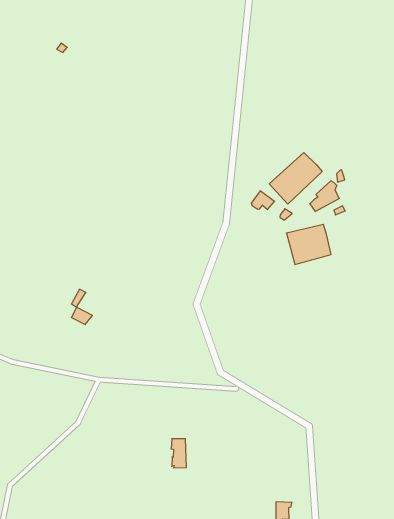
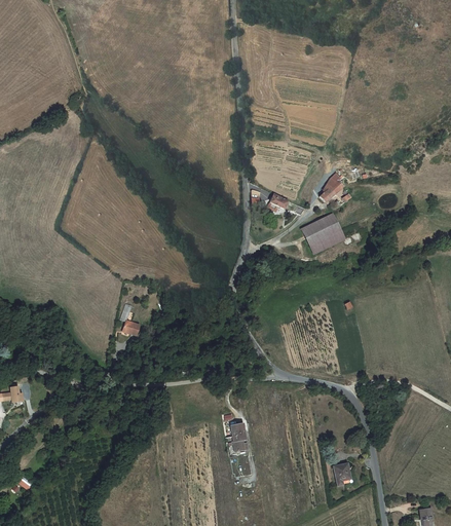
building: [269,153,322,204] -> none

